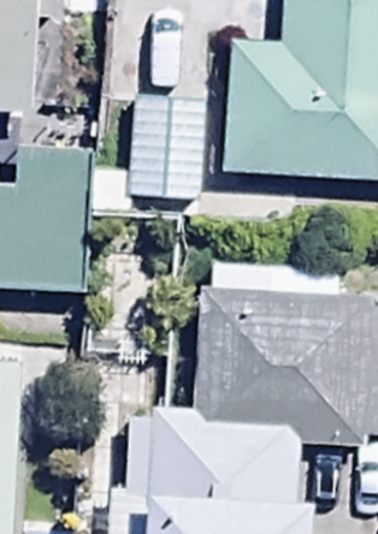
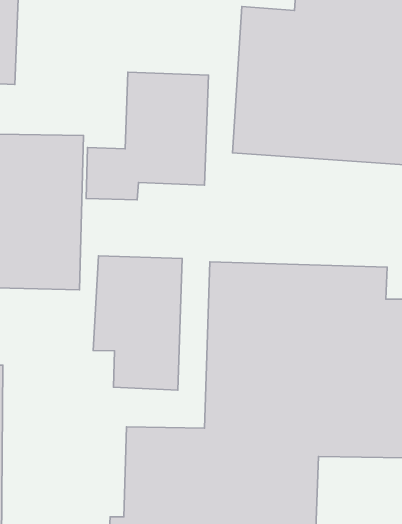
building: none -> [93,256,182,390]

